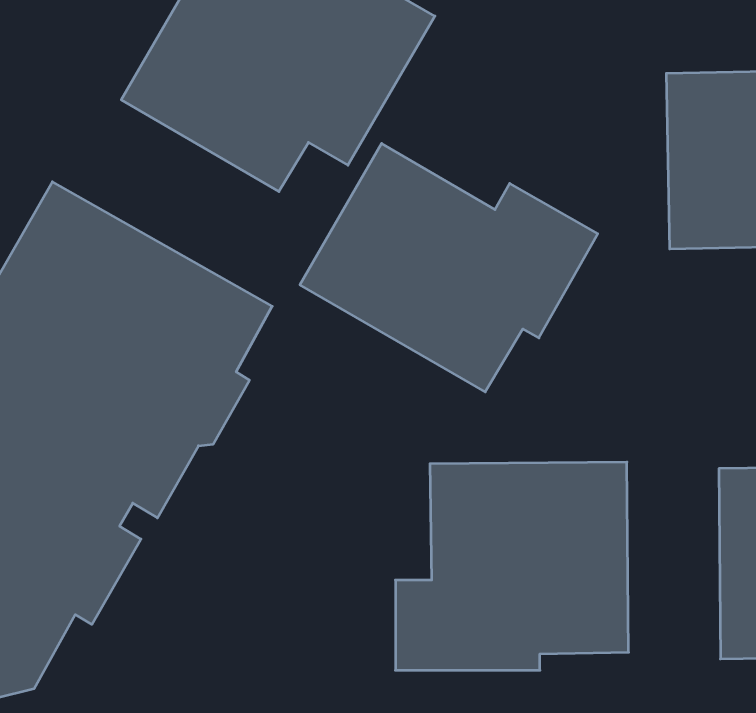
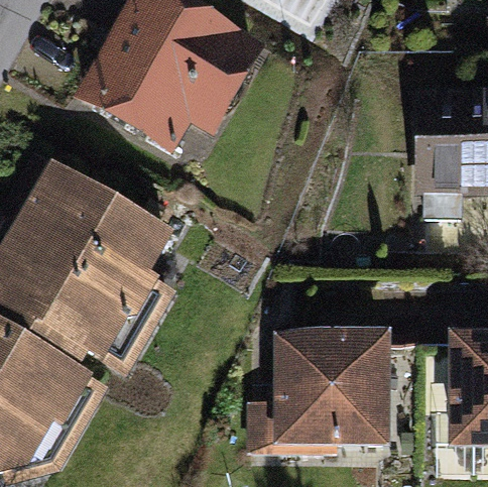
building: [300,143,598,392] -> none

